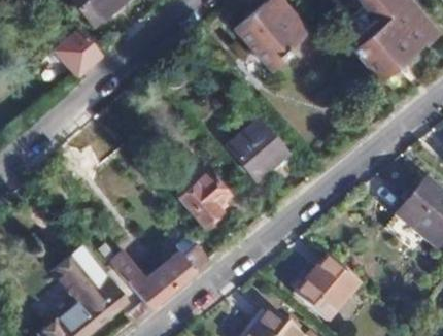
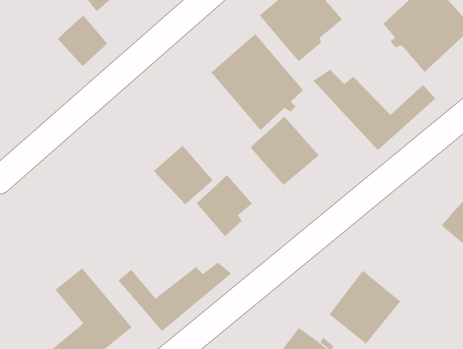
building: none -> [211,33,304,131]
building: none -> [312,69,436,151]
building: none -> [153,145,213,205]

